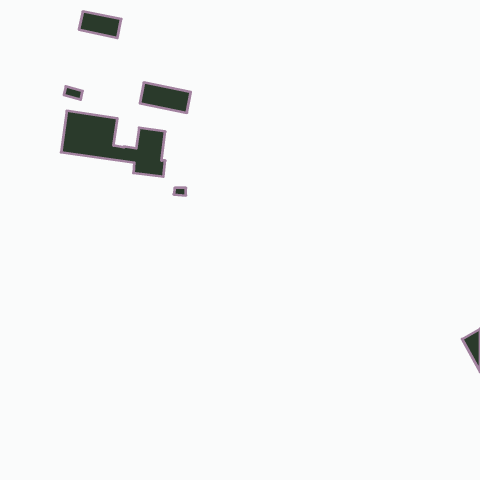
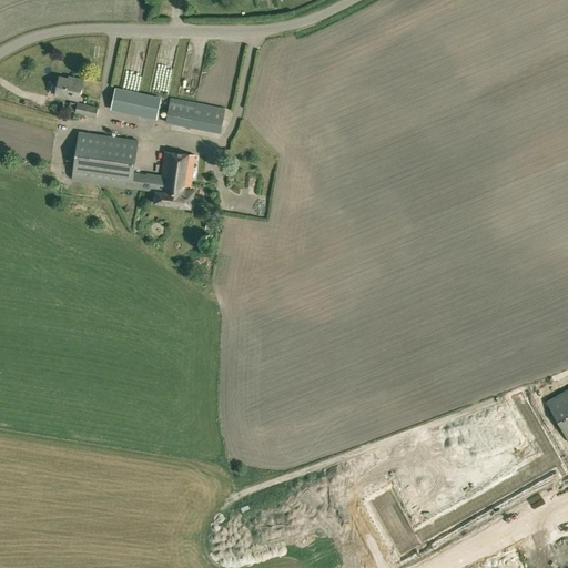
building: [79,12,121,38] -> [111,88,161,119]
building: none -> [55,75,83,100]

